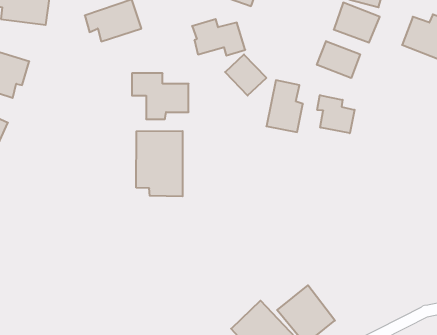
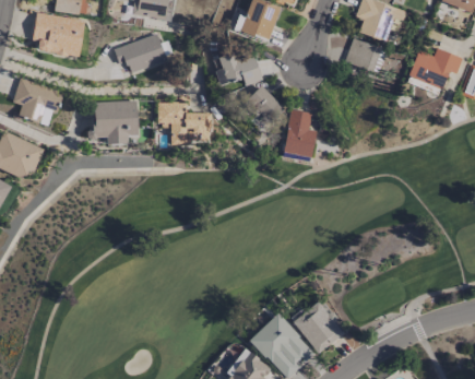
building: [317,41,360,78] -> none
building: none -> [91,100,139,144]
building: [317,95,355,133] -> none
building: [136,131,183,196] -> none

